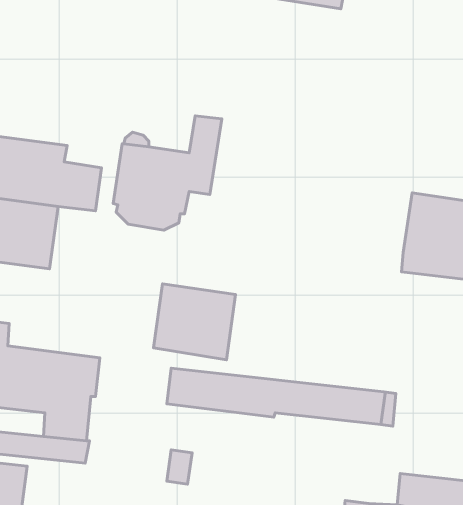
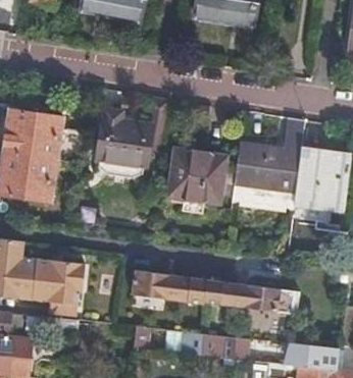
building: none -> [235,118,304,192]
building: [154,284,235,360] -> [168,150,224,202]
building: none -> [184,332,250,361]

